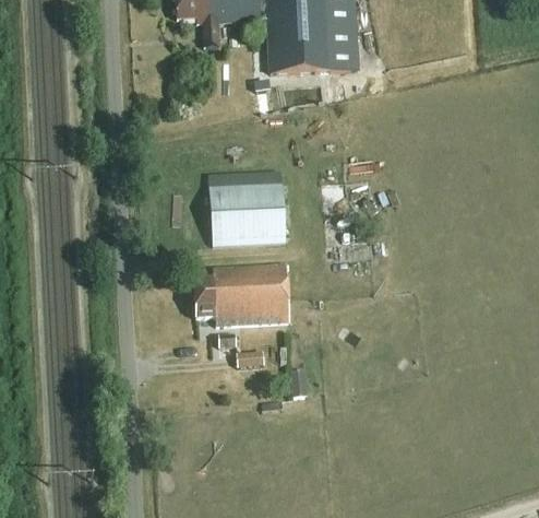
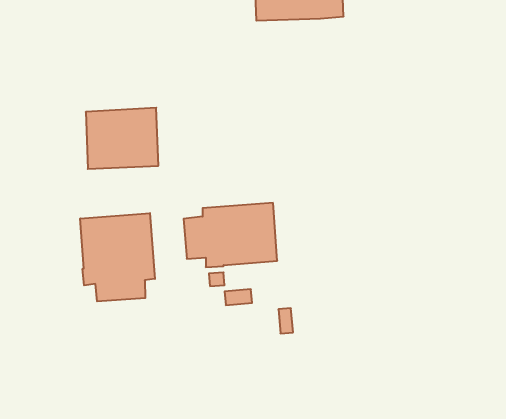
building: [209,183,285,246] -> [86,108,158,169]
building: none -> [80,213,155,301]

